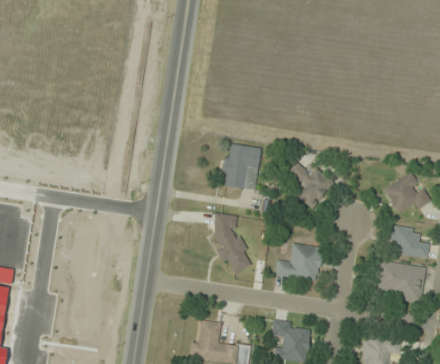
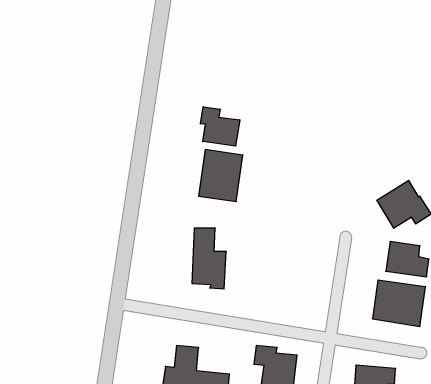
building: none -> [200,107,240,146]
building: [286,161,331,210] -> none
building: [273,243,322,282] -> none

